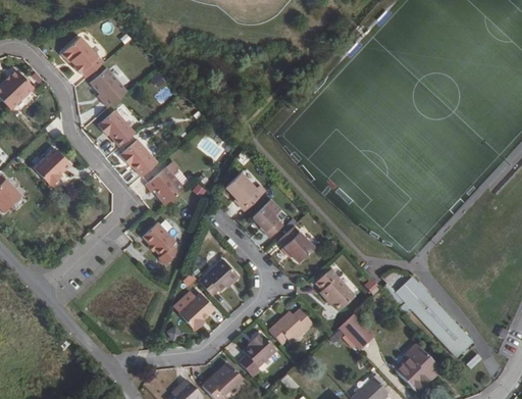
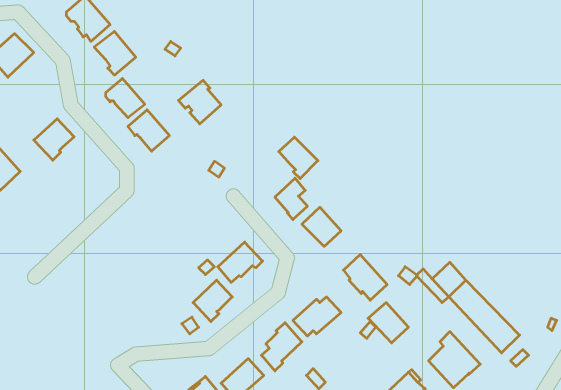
building: [145,164,184,204] -> [178,80,221,124]
building: [225,173,261,211] -> [279,137,318,179]
building: [142,220,176,262] -> none

